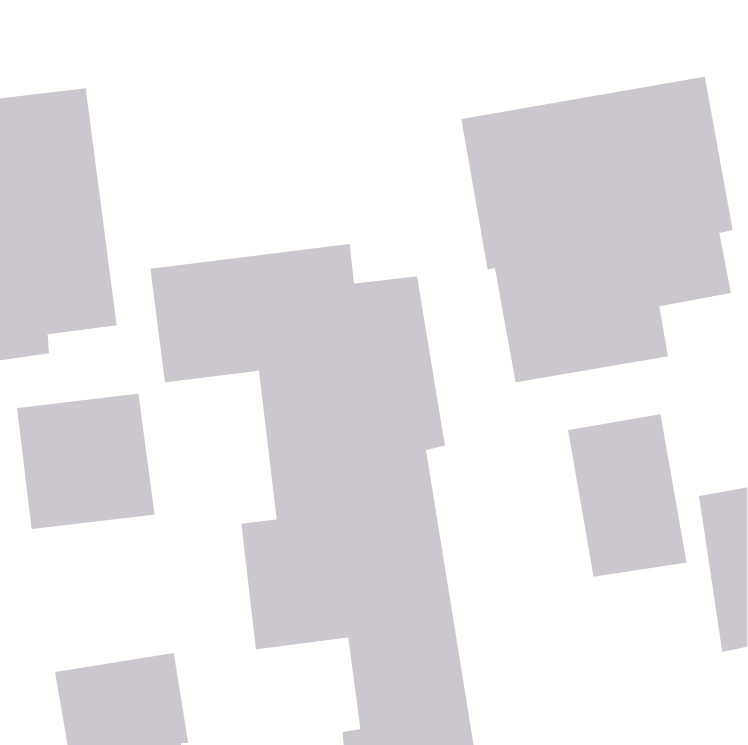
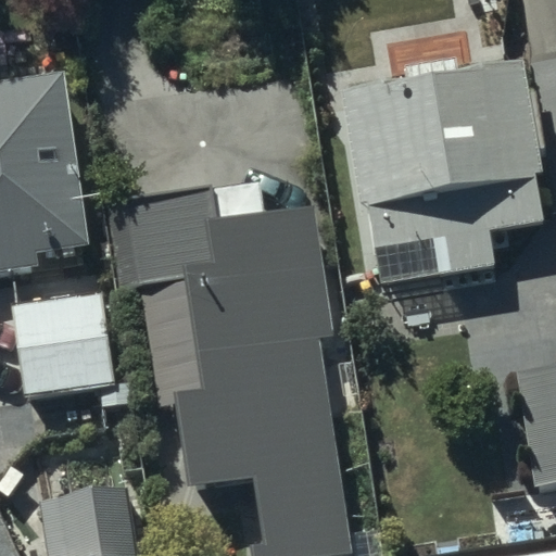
building: [567,413,687,577] -> none

